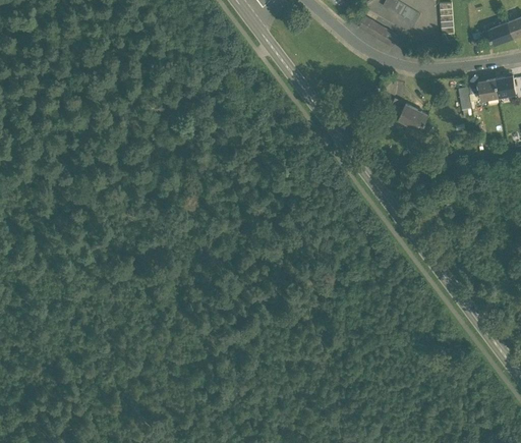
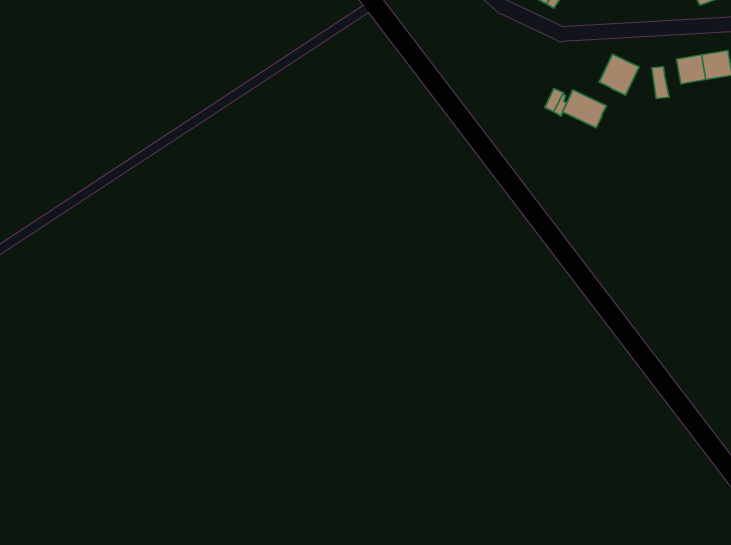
building: none -> [599,54,639,95]

